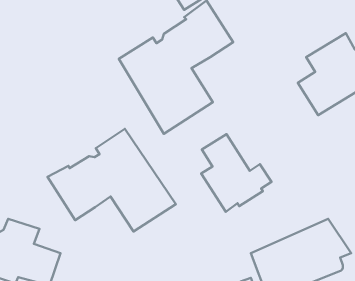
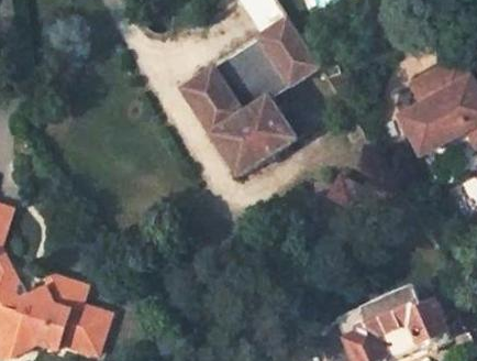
building: [47,129,176,231] -> none
building: [201,134,271,212] -> none

